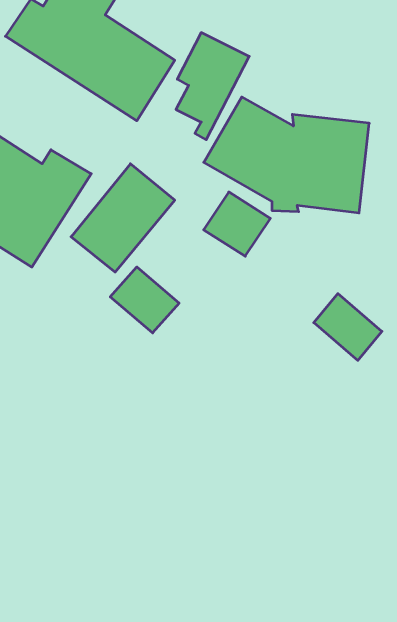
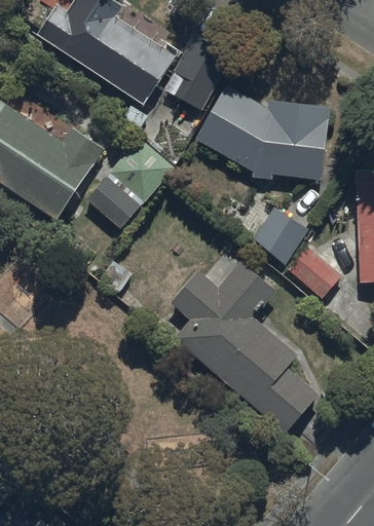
building: [204,192,270,256] -> [253,209,307,261]
building: [110,267,179,333] -> none
building: none -> [170,261,319,433]

